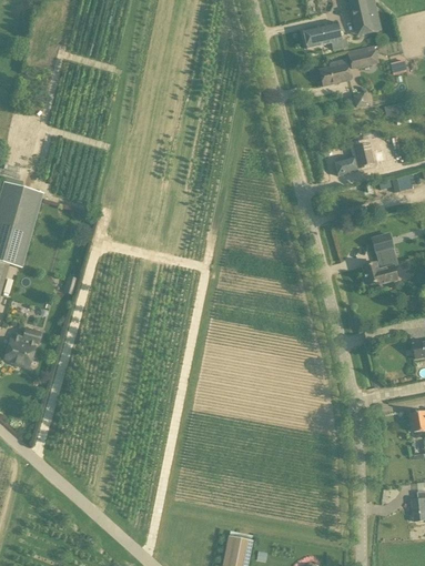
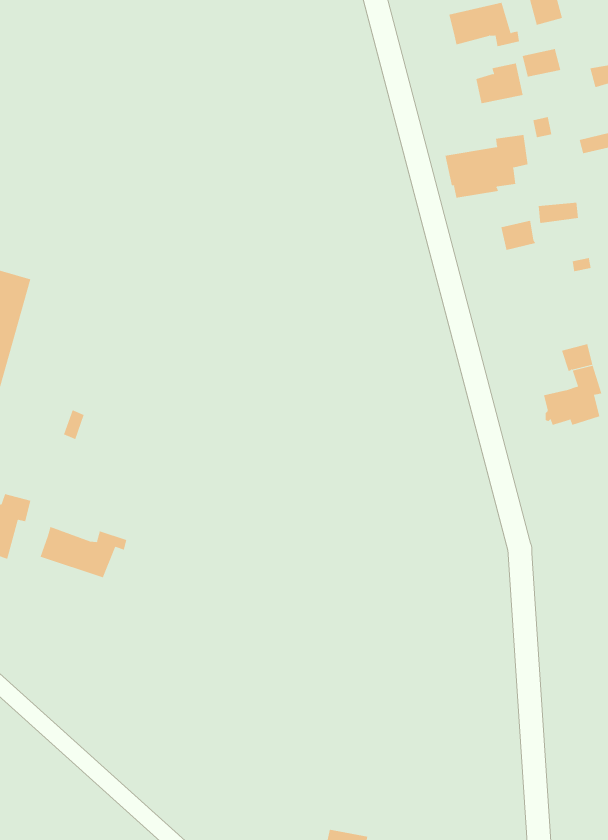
building: none -> [445,134,528,199]
building: none -> [40,526,127,578]

